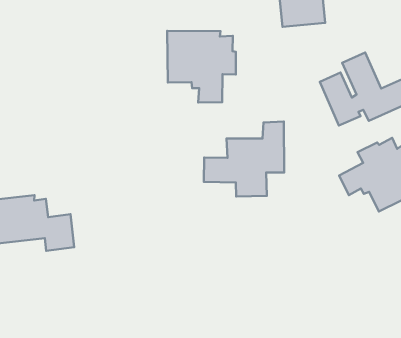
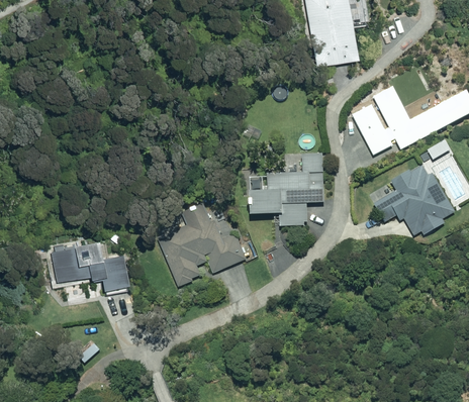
building: [167,31,236,102] -> none
building: none -> [158,202,247,286]

